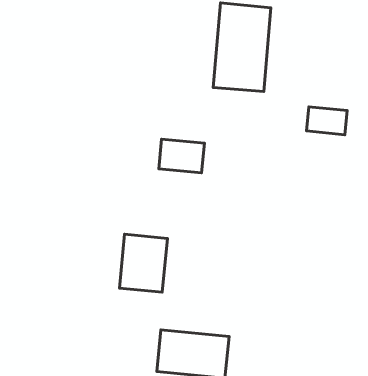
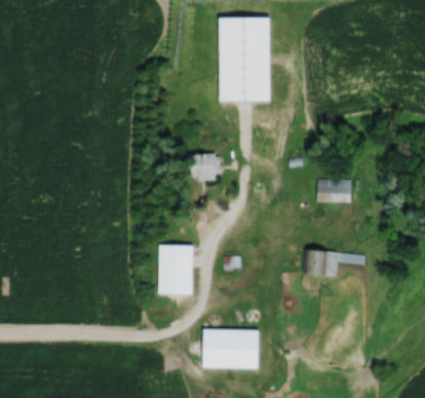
building: [306,107,347,135] -> [313,179,349,202]
building: none -> [303,250,363,276]

